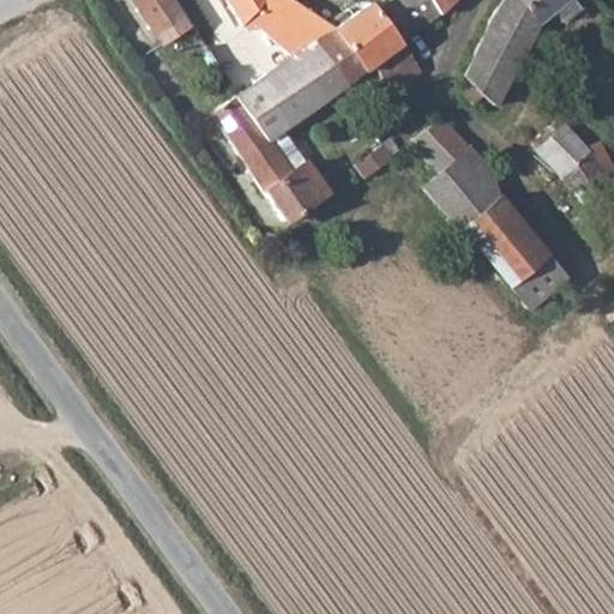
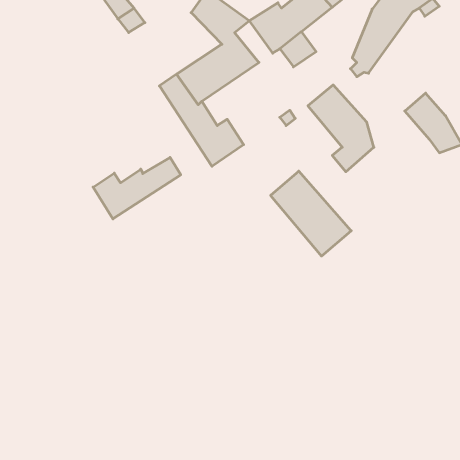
building: [314,28,365,83] -> none
building: [462,195,568,308] -> [271,171,351,256]
building: none -> [93,157,181,219]

